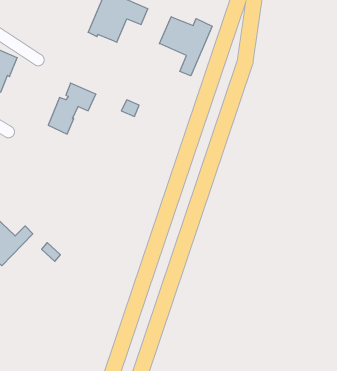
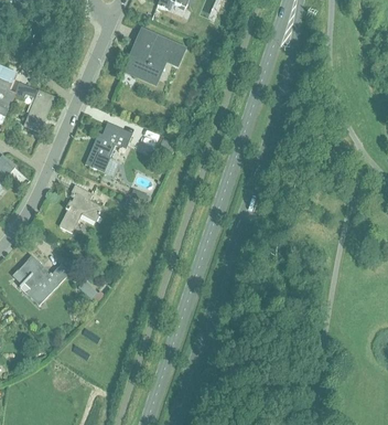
building: [159,17,212,76] -> none
building: none -> [60,184,103,232]

